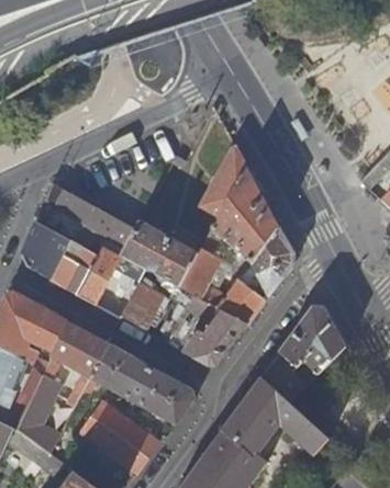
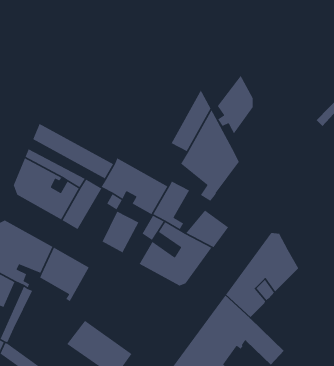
building: [252,226,292,294] -> [217,74,253,135]
building: [78,344,194,424] -> none
building: [24,363,64,428] -> none

